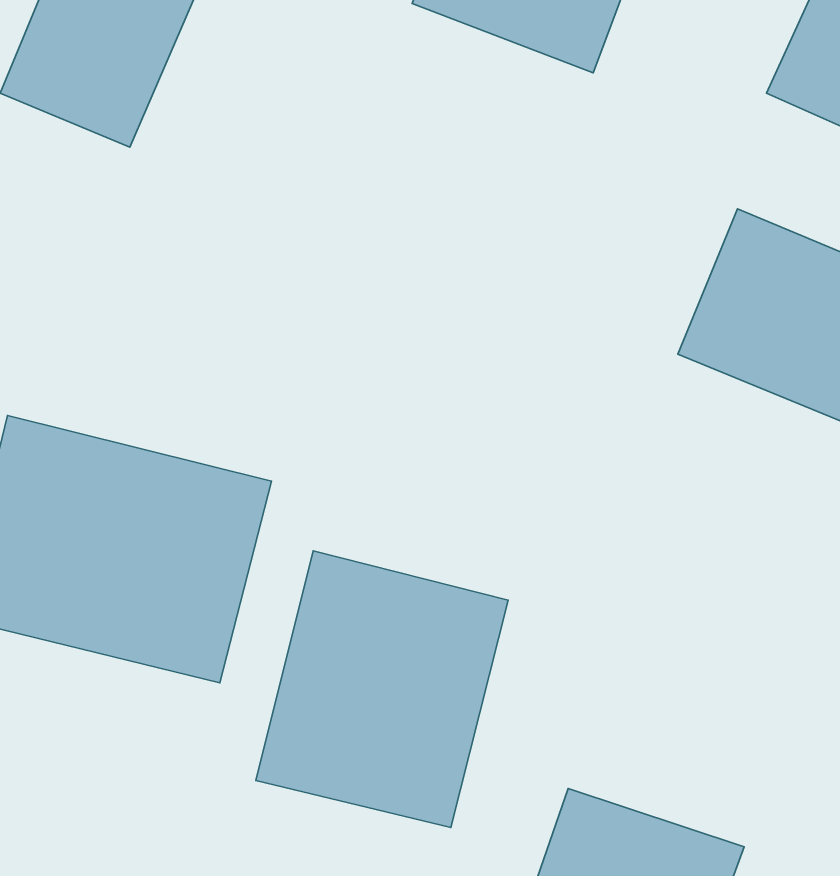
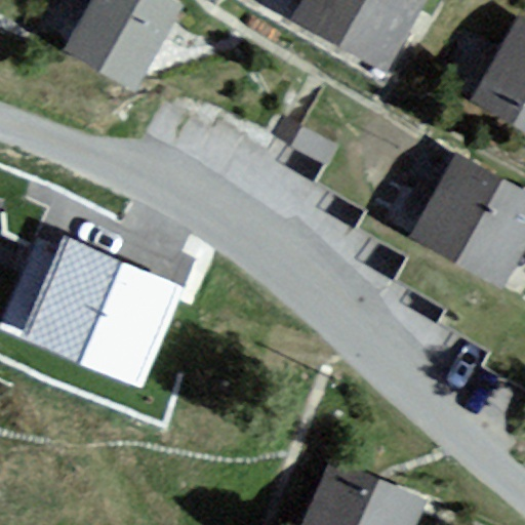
building: [256,551,508,827] -> none

